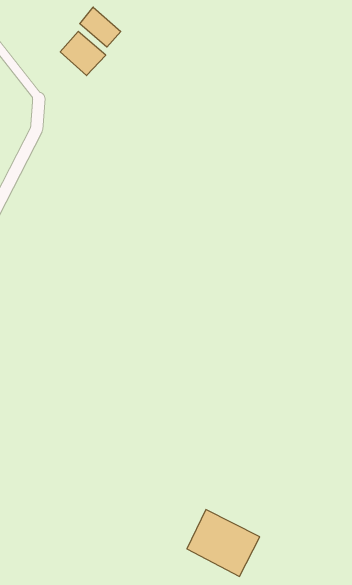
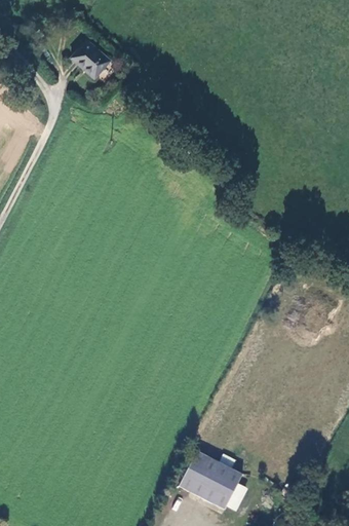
building: [80,7,121,47] -> none

